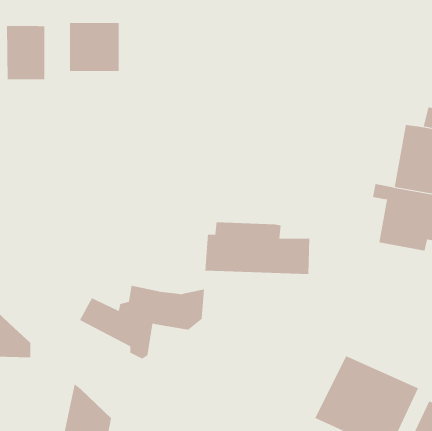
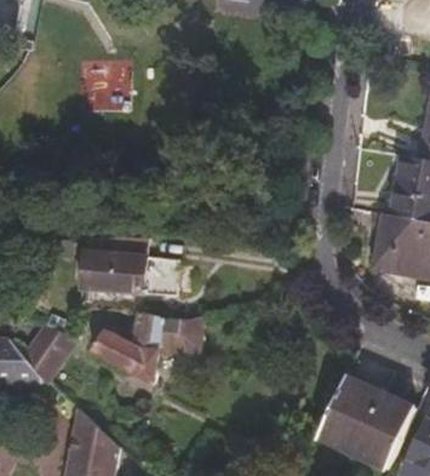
building: [6,25,45,80] -> none
building: [205,222,310,275] -> [82,242,184,293]
building: none -> [25,323,75,375]

